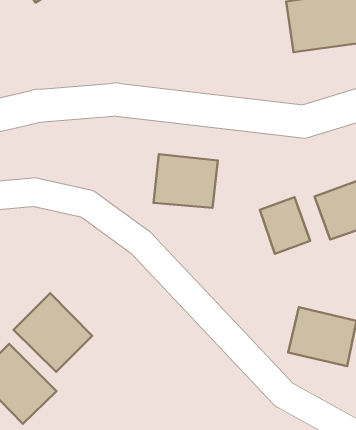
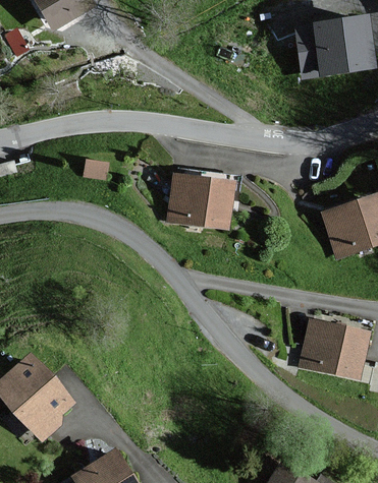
building: [260,197,310,254] -> none
building: [13,293,92,372] -> none

